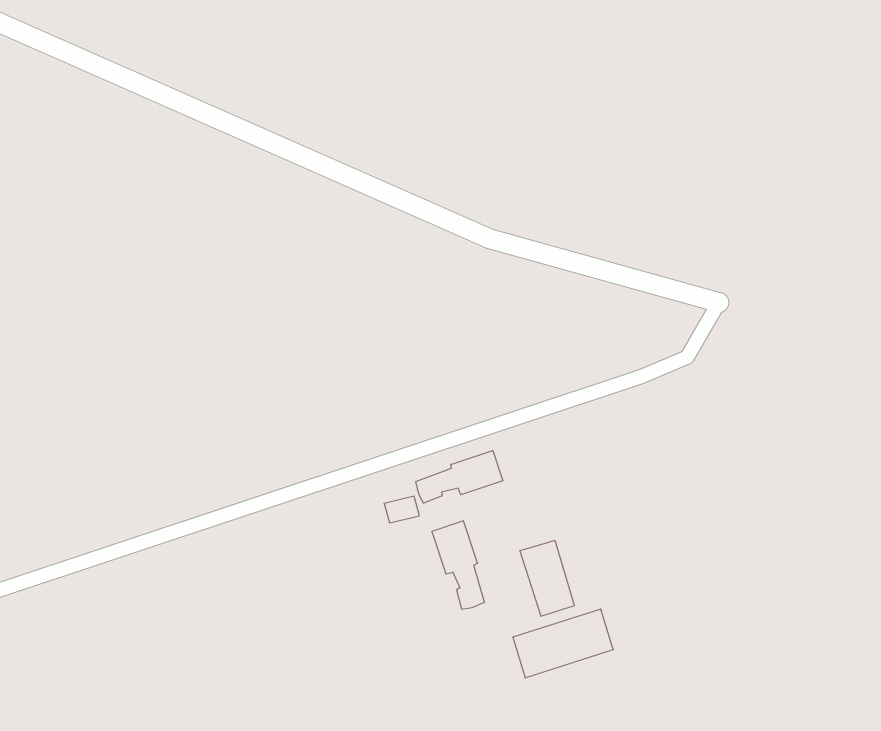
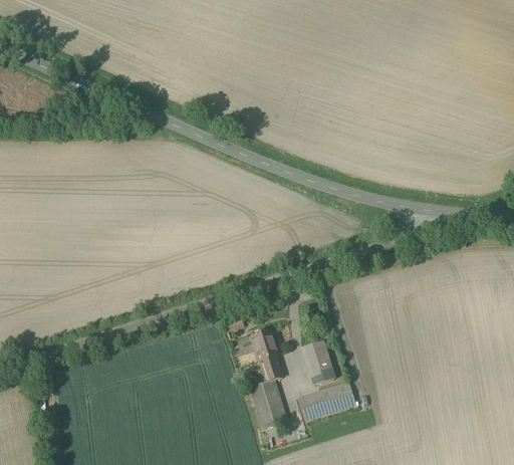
building: [416,450,503,503] -> none
building: none -> [250,381,288,429]

